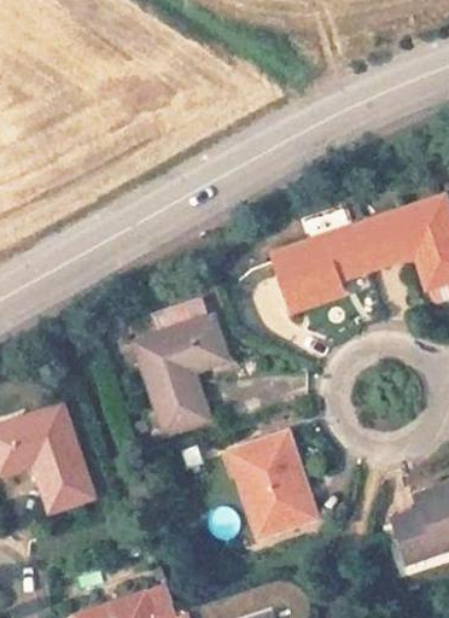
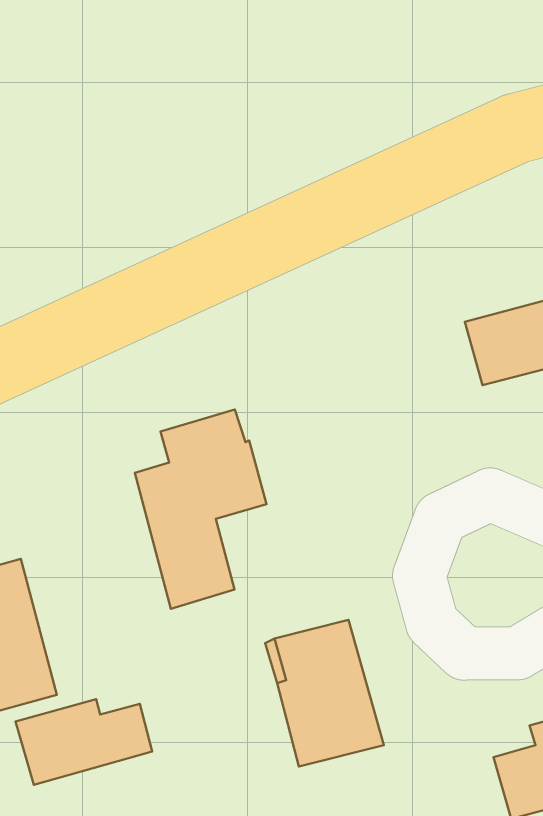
building: [270,227,368,310] -> none
building: none -> [15,699,152,785]

